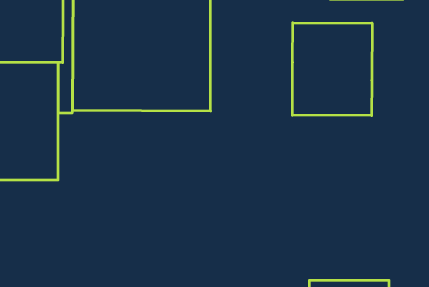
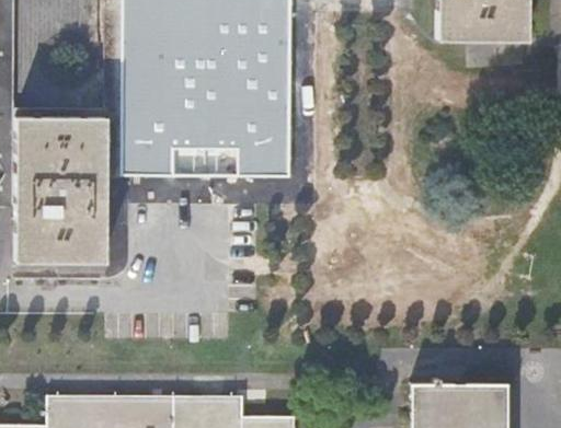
building: [292,23,372,116] -> none

